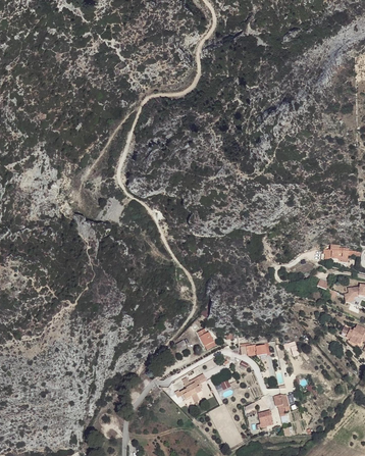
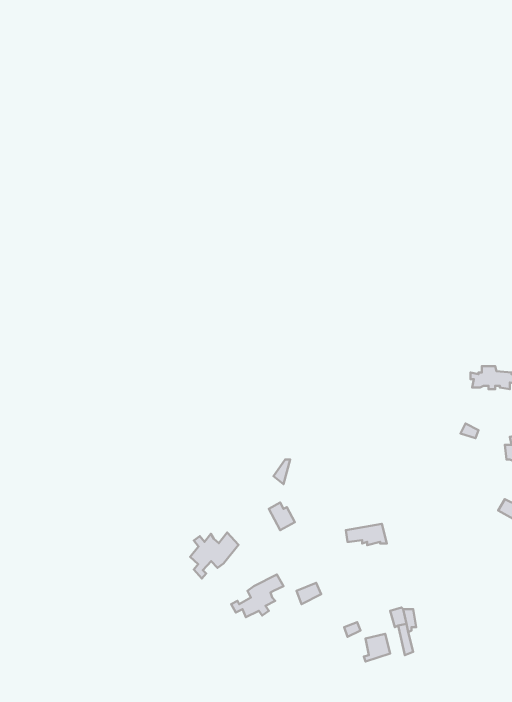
building: none -> [190,533,238,579]

